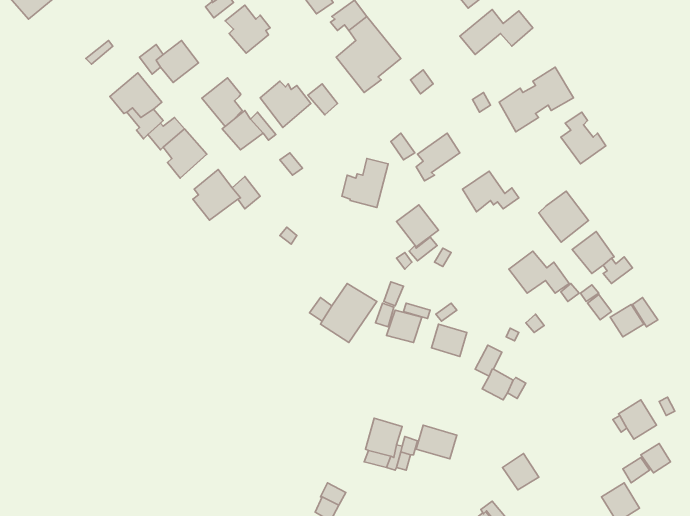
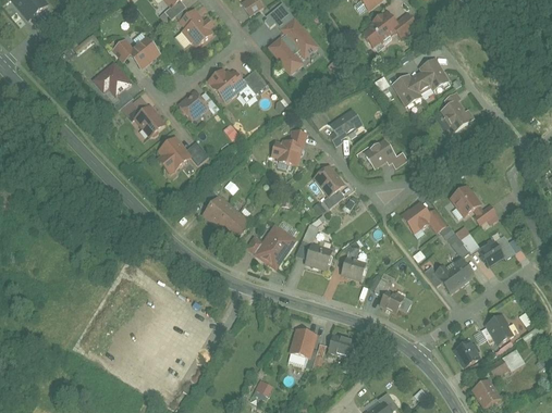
building: [202,78,242,126] -> none
building: [539,191,589,242] -> none
building: none -> [201,195,250,242]
building: none -> [434,259,474,292]
building: [502,453,539,490] -> [453,340,481,368]

